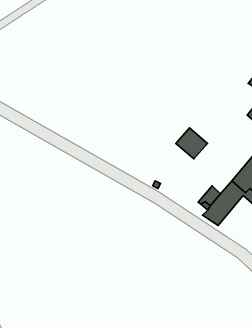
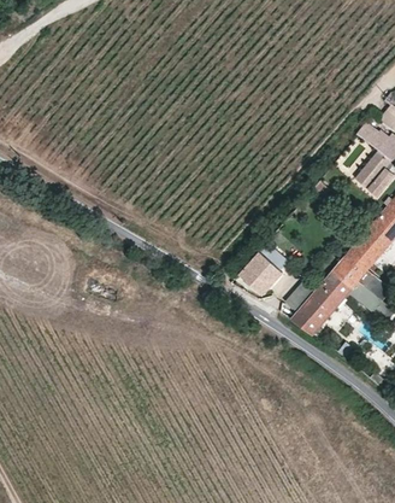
building: [176,128,208,159] -> [238,252,283,296]

